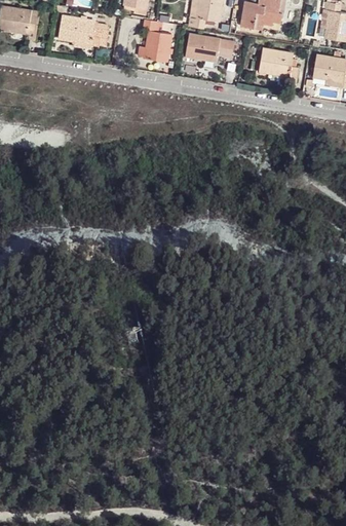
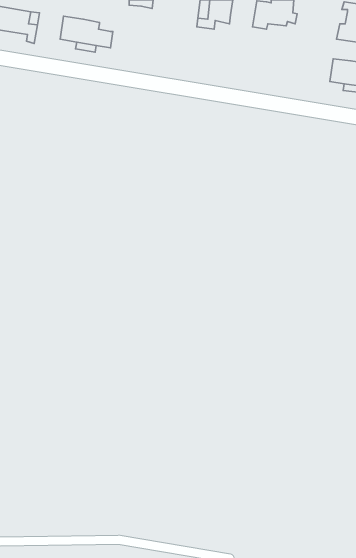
building: [143,18,171,62] -> none
building: [186,34,234,61] -> none
building: [259,49,299,83] -> none

